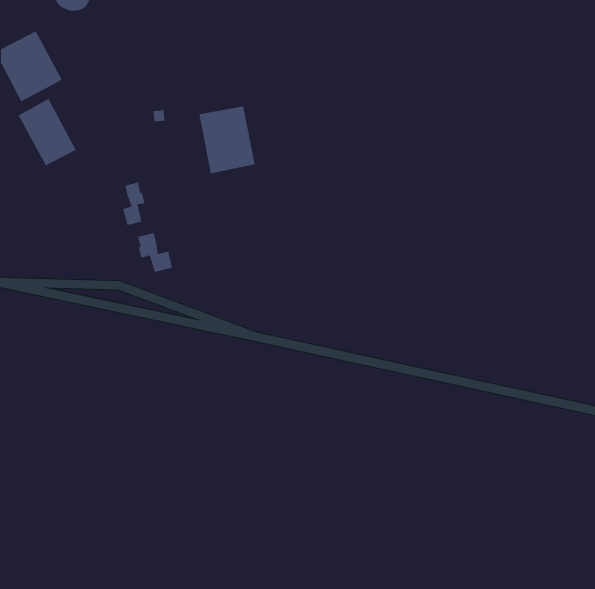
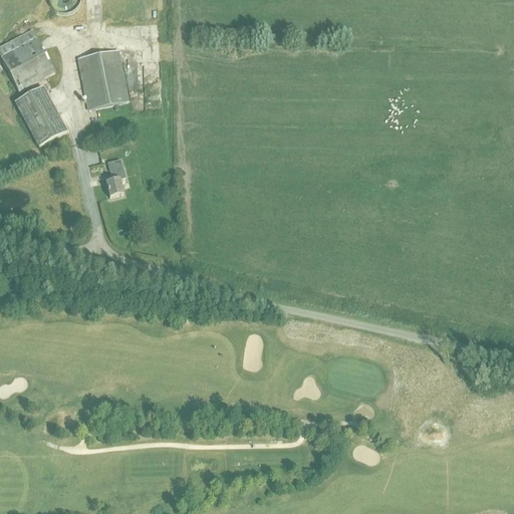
building: [198,106,256,174] -> [78,48,127,107]
building: [137,232,173,273] -> none

